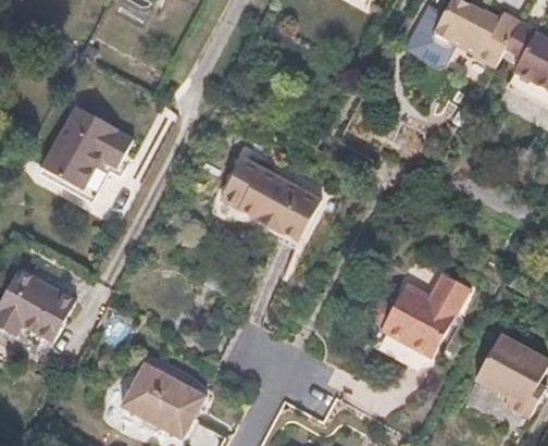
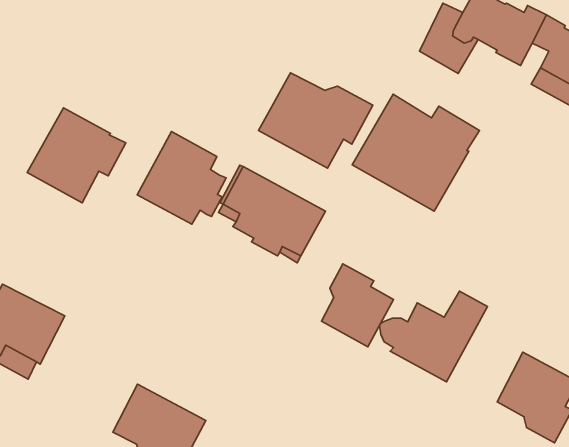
building: none -> [258,73,373,168]
building: none -> [352,94,480,211]
building: none -> [137,131,226,224]
building: none -> [322,264,394,347]

